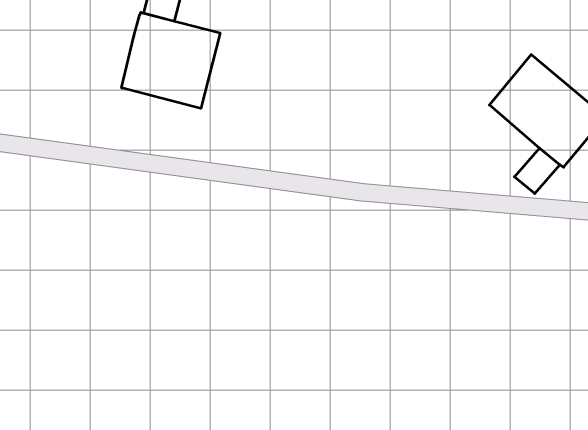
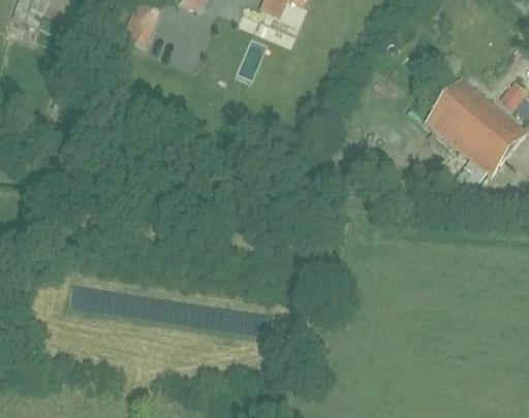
building: [122,12,220,108] -> none

